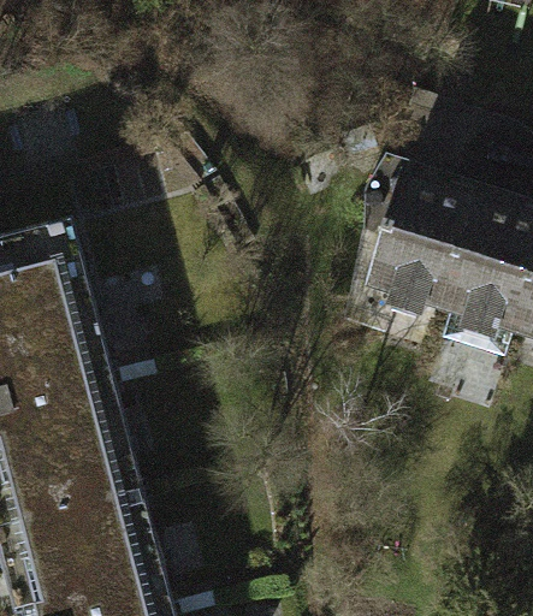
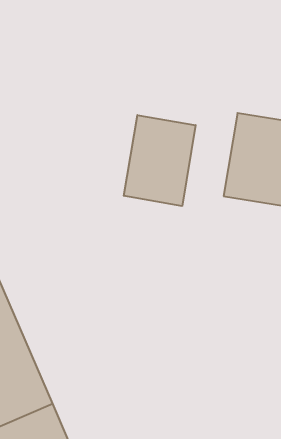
building: none -> [124,115,196,206]

